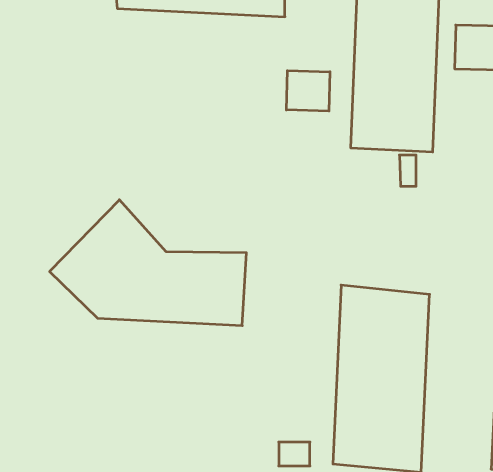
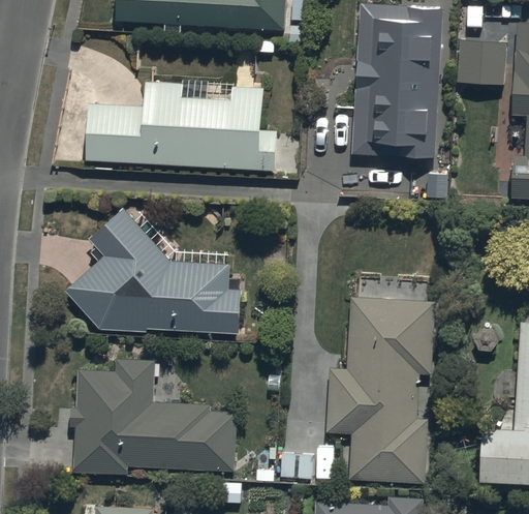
building: none -> [80,81,275,168]
building: [286,71,330,111] -> none
building: none -> [79,360,237,475]

